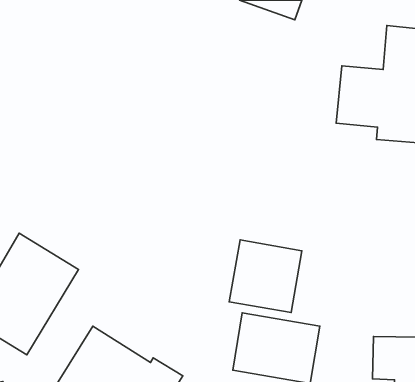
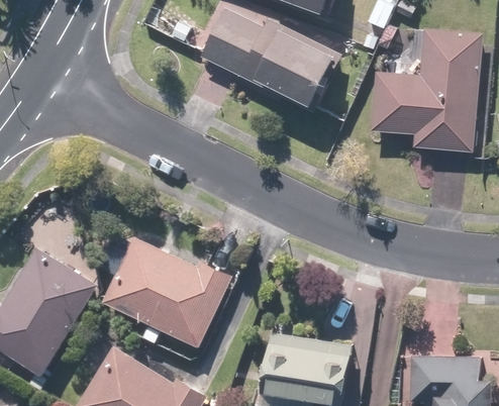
building: none -> [198,8,341,115]
building: none -> [100,236,231,348]
building: [229,240,302,313] -> none

